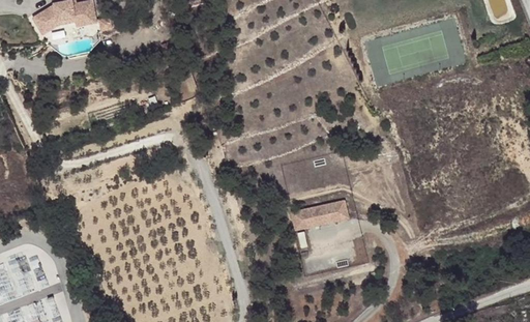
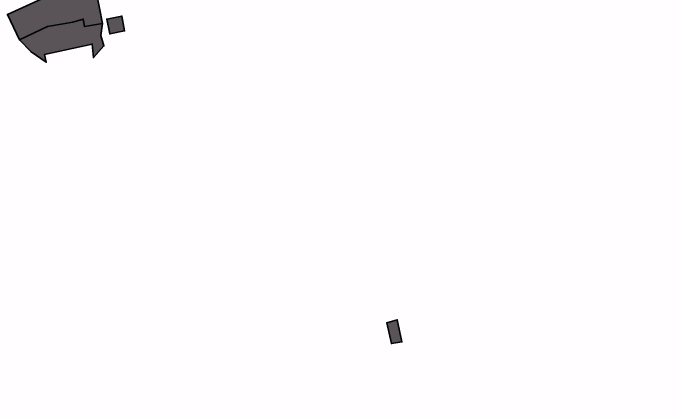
building: [291,199,347,227] -> none

